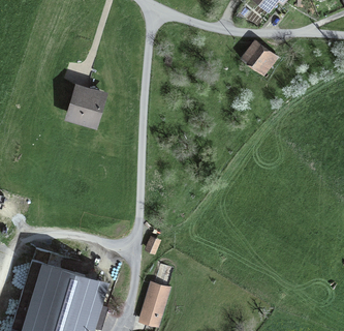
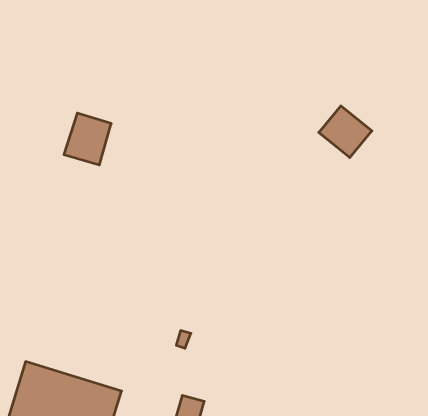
building: [240,39,277,76] -> [319,106,372,158]

